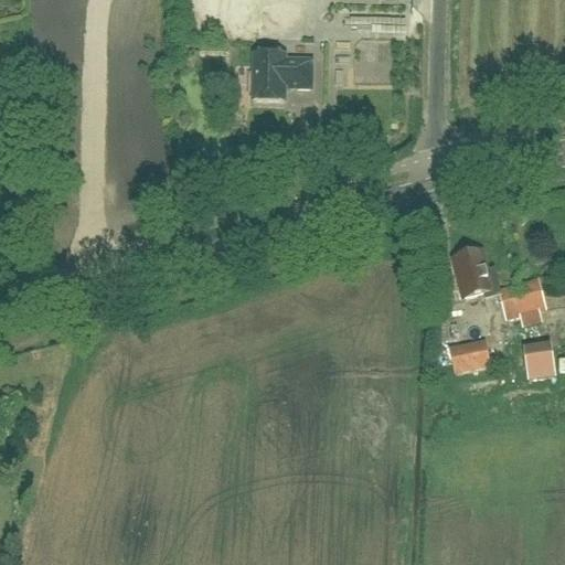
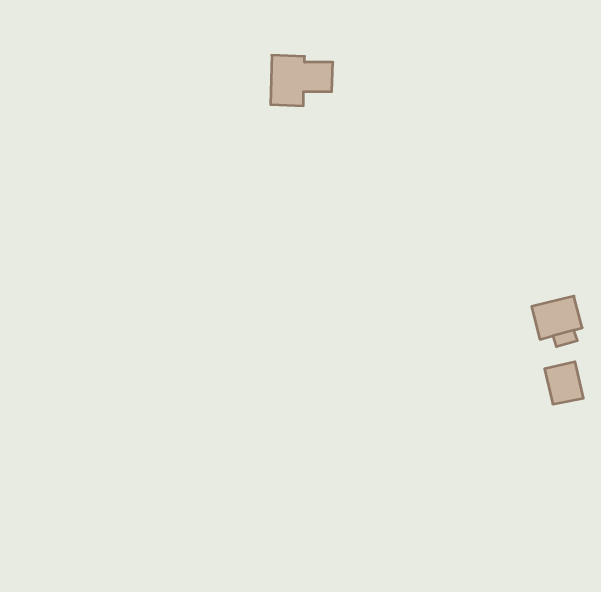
building: [454,248,499,298] -> none
building: [450,339,490,372] -> none

